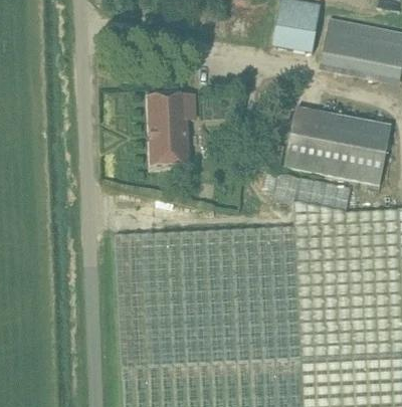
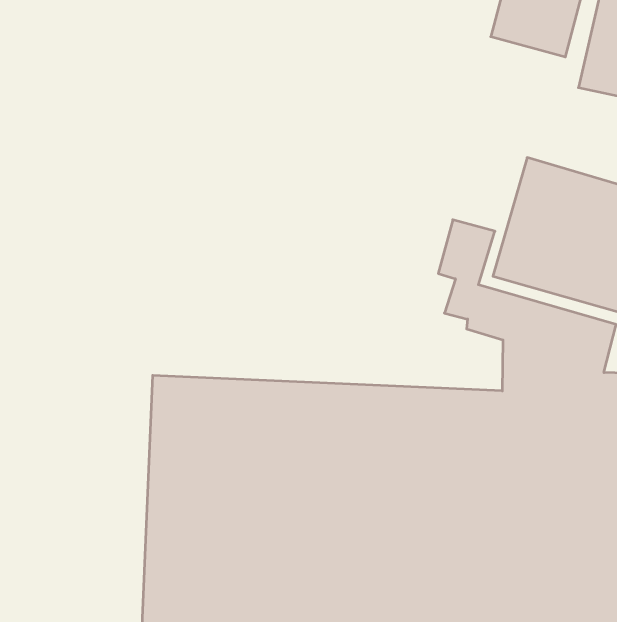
building: [149,95,194,165] -> none

